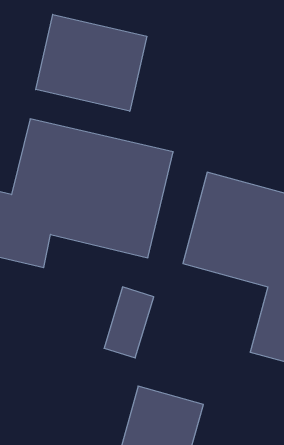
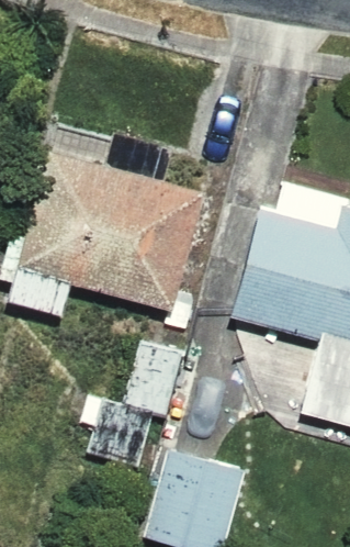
building: [36,14,147,111] -> none

